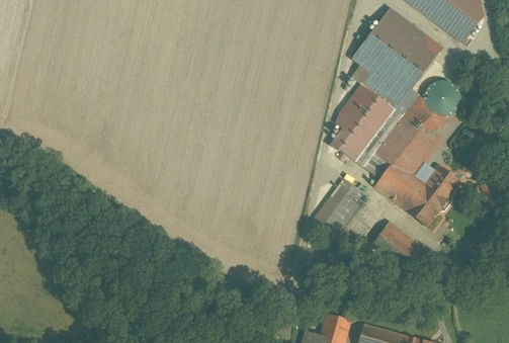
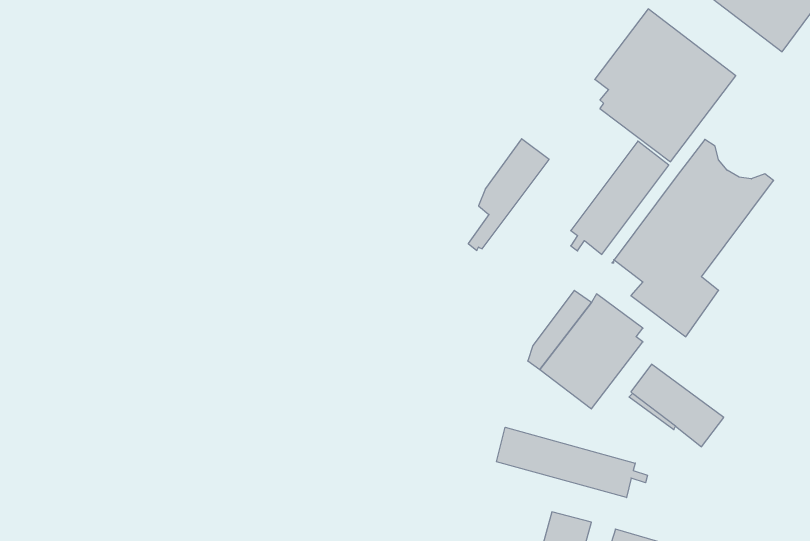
building: [423,79,460,116] -> none
building: [330,82,377,148] -> [468,139,549,250]
building: [406,165,459,225] -> none
building: none -> [497,427,647,498]

